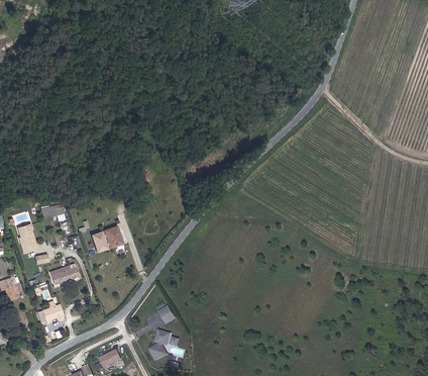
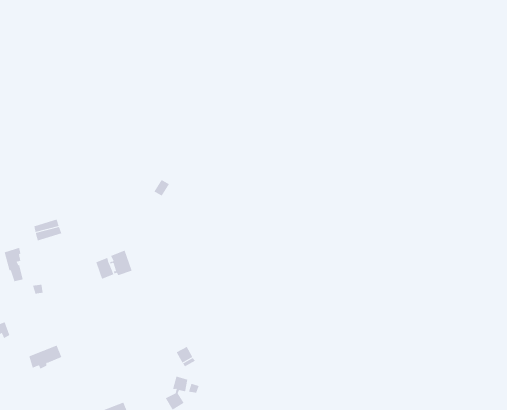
building: [49,263,79,285] -> none

